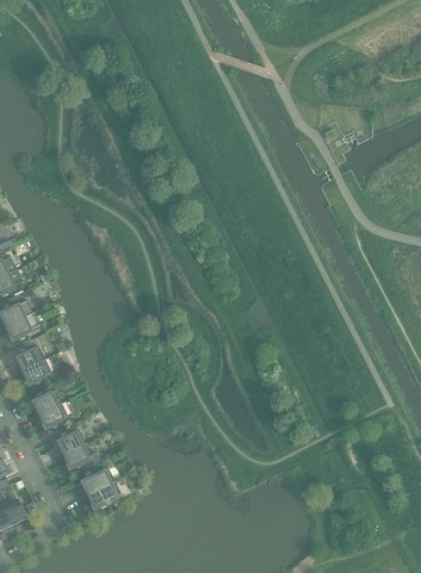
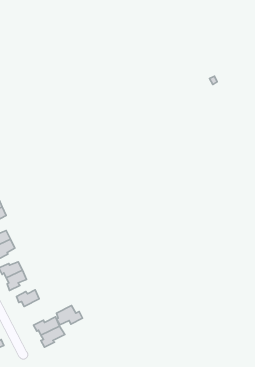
building: [63,443,100,471] -> [56,305,83,325]

